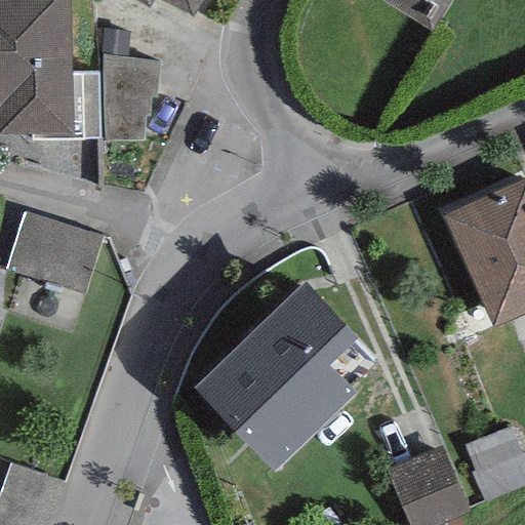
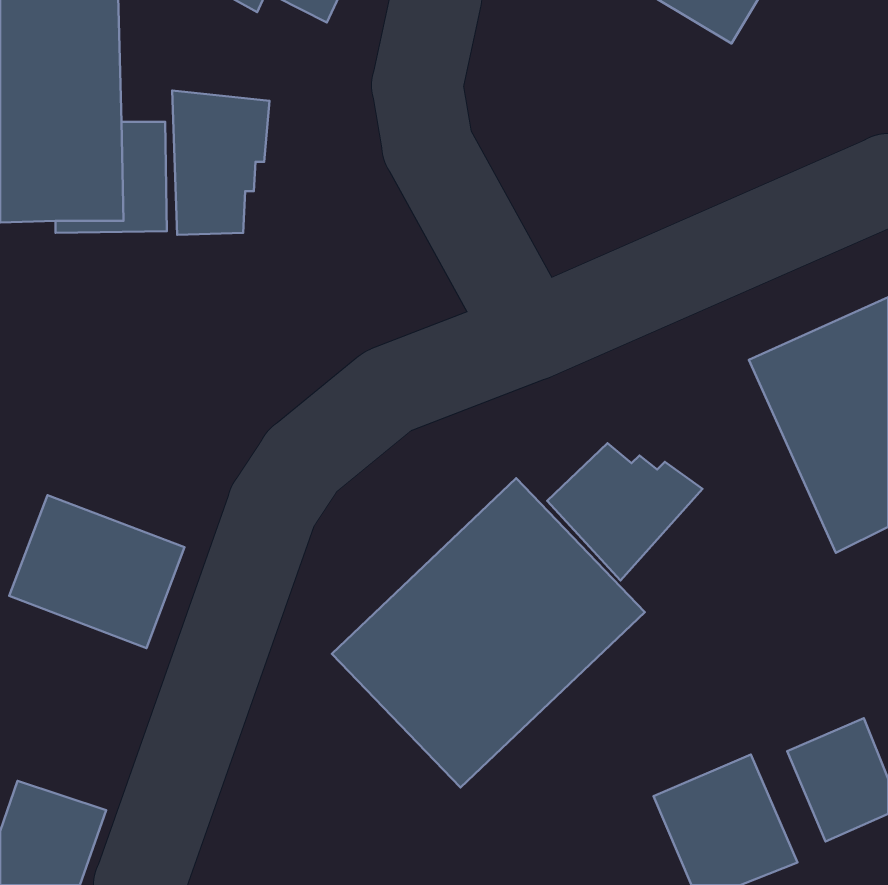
building: [10,216,114,307] -> [9,495,185,648]
building: none -> [547,443,703,580]

